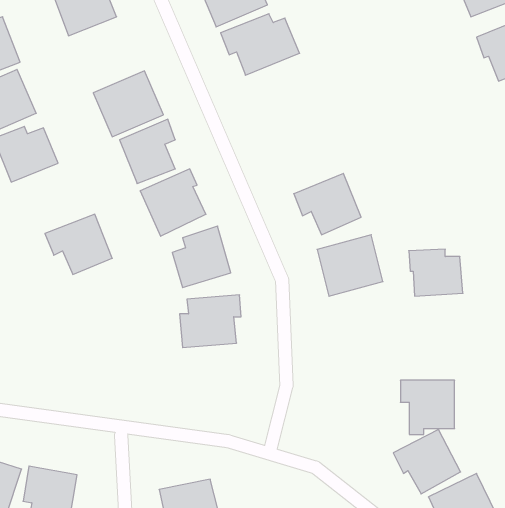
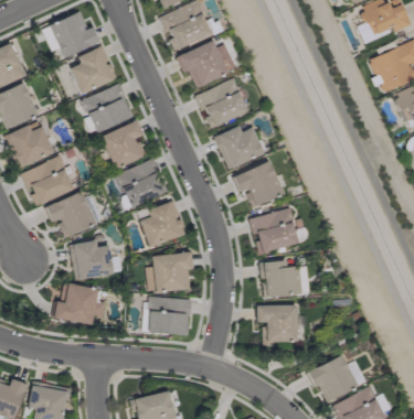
building: none -> [71,46,116,94]
building: none -> [195,79,247,127]
building: none -> [214,126,264,170]
building: none -> [20,155,74,206]
building: [409,249,463,296] -> [259,261,300,297]
building: none -> [68,239,114,280]
building: none -> [51,283,105,324]
building: none -> [148,298,190,334]
building: [400,380,455,434] -> [256,305,297,346]

